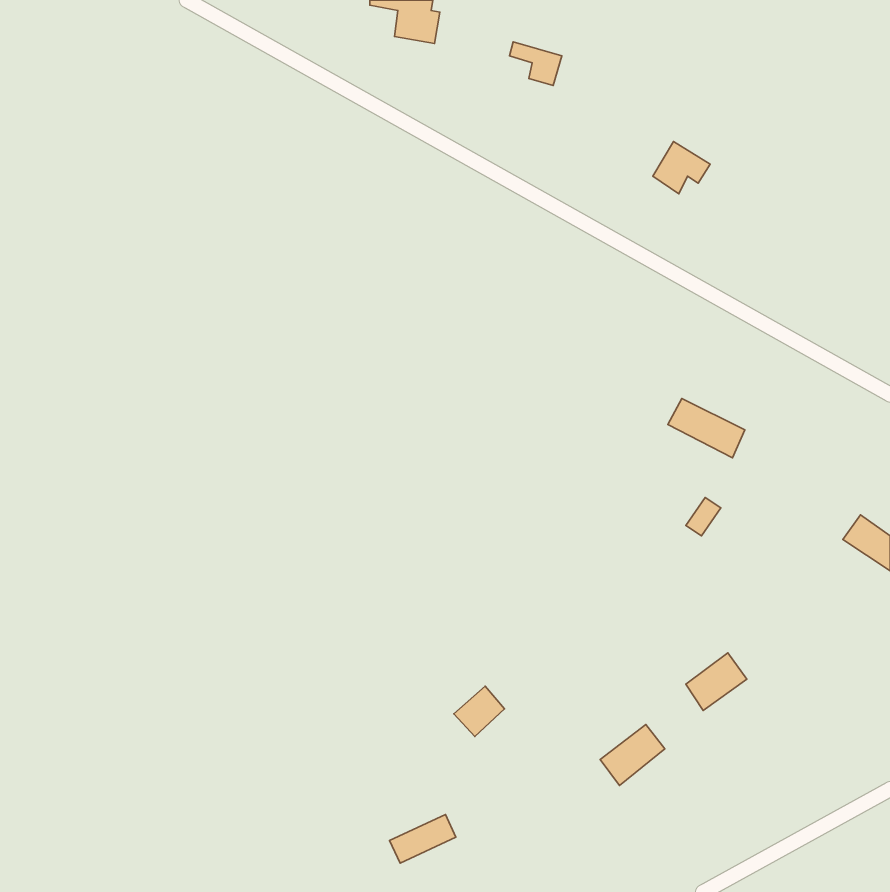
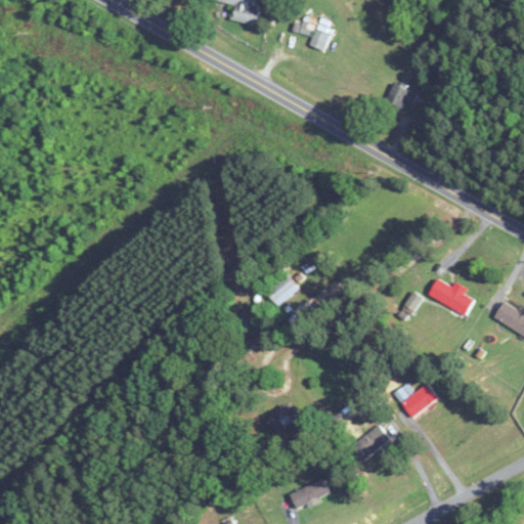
building: [668,398,745,458] -> [429,279,474,314]
building: none -> [265,272,299,305]
building: [390,814,456,863] -> [291,478,330,507]

